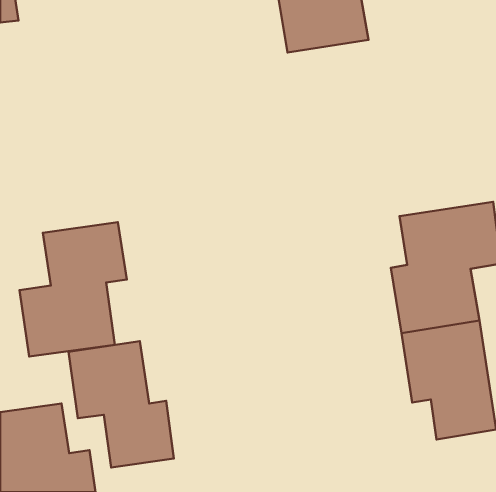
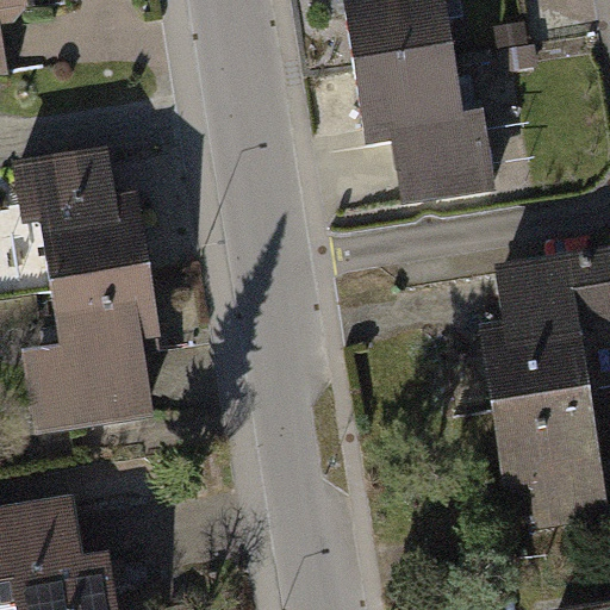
building: none -> [354,49,499,201]
building: none -> [7,150,147,285]
building: [69,341,174,467] -> none

